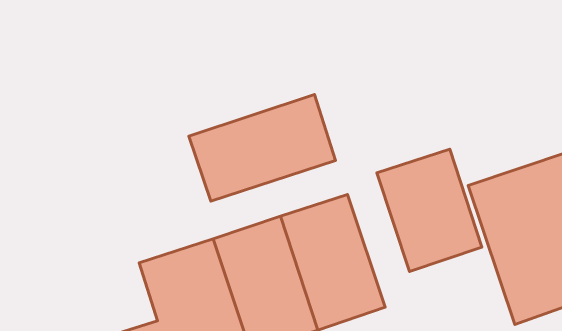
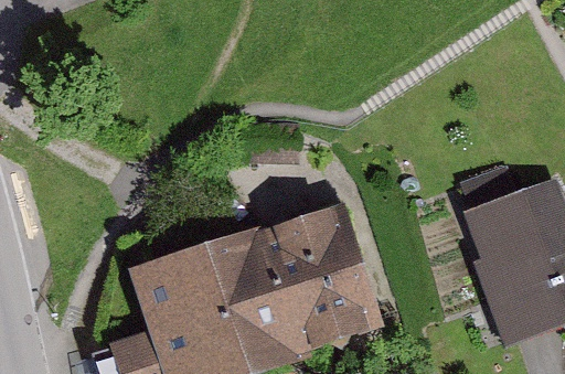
building: [189,95,336,201] -> none
building: [377,149,482,271] -> none

